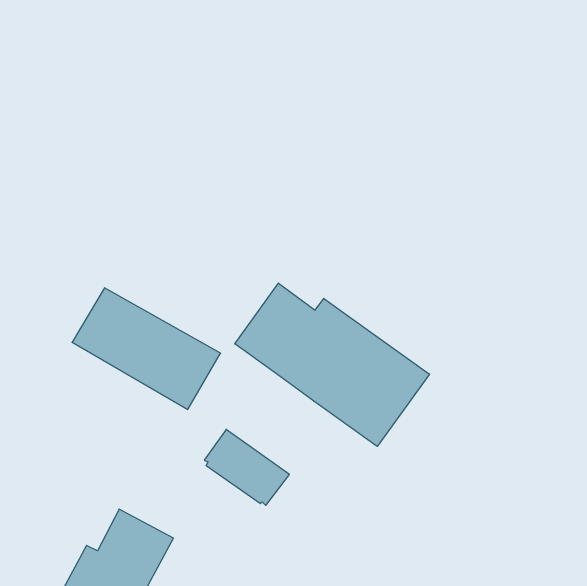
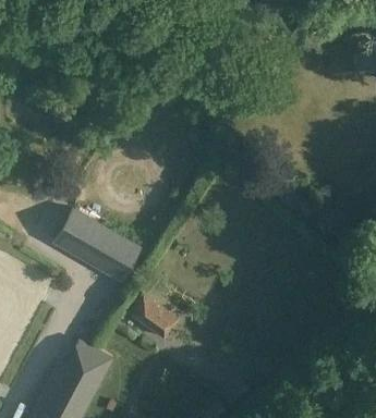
building: [235,283,430,446] -> none

